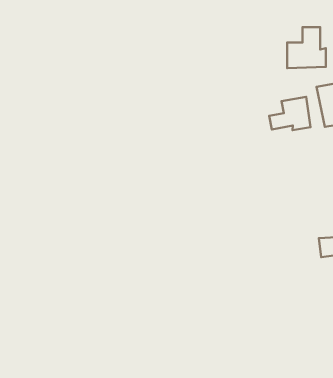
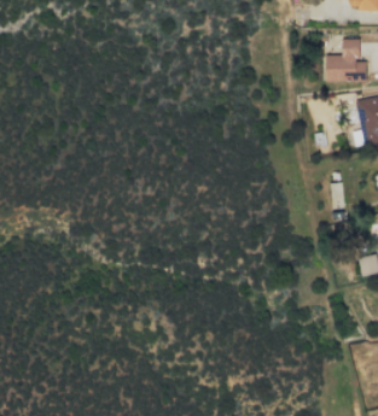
building: [269,97,310,130] -> none

